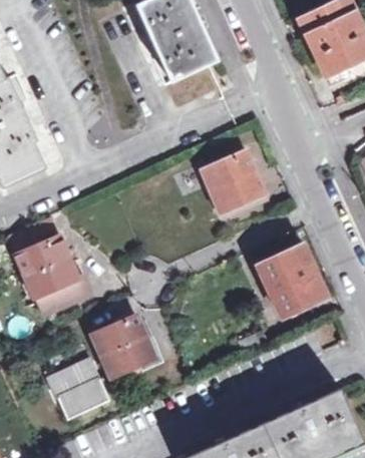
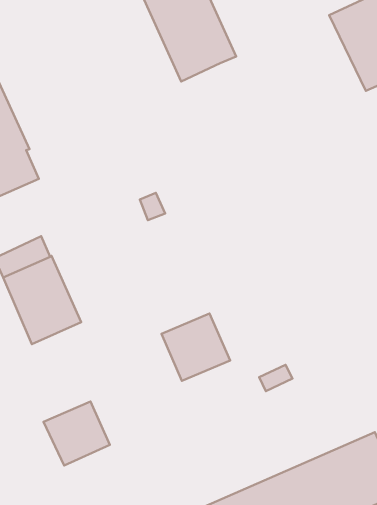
building: [201,149,263,211] -> none
building: [259,246,327,317] -> none
building: [95,315,155,374] -> [161,313,230,381]

